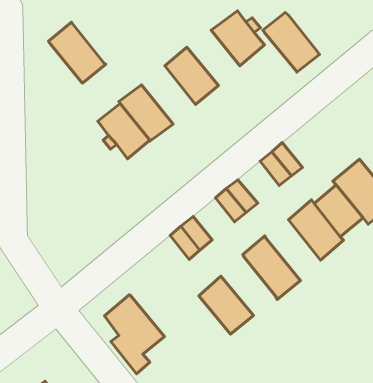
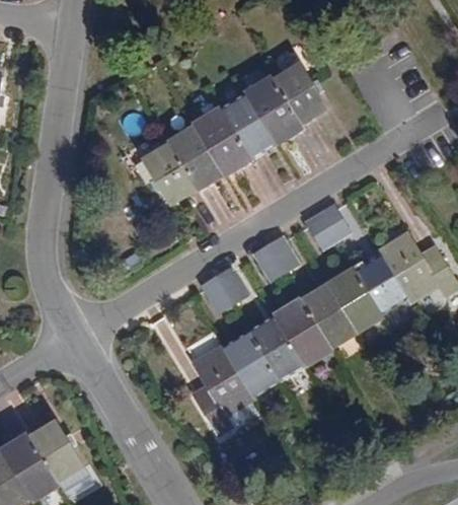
building: [263,13,319,72] -> [245,77,300,140]
building: [48,22,106,83] -> [194,109,249,172]
building: none -> [302,285,355,346]
building: none -> [250,317,304,378]
building: [104,295,164,374] -> [196,350,254,432]

